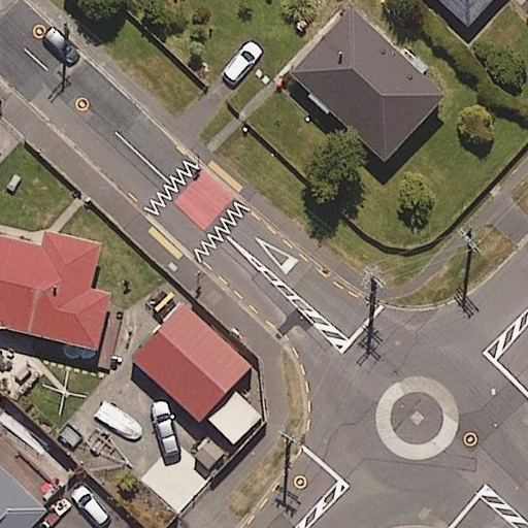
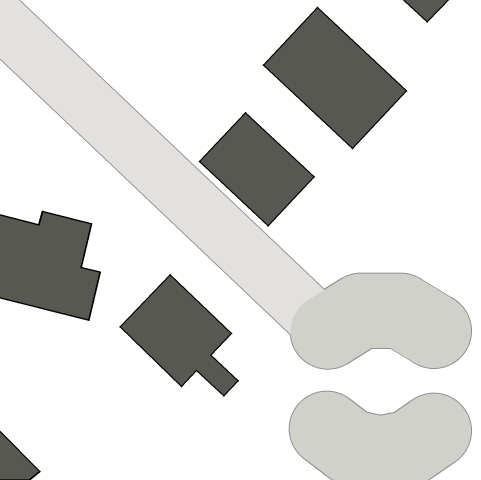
building: none -> [200,113,314,226]

